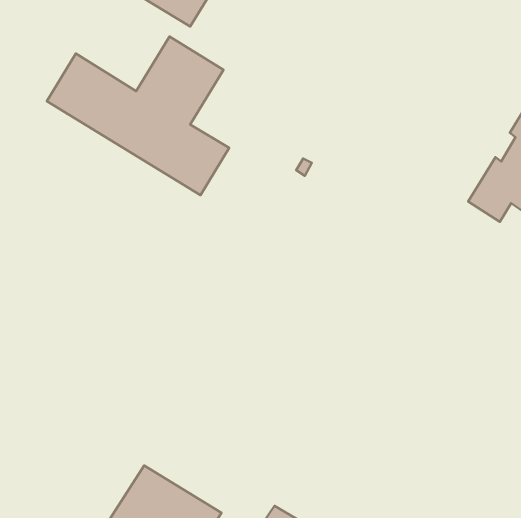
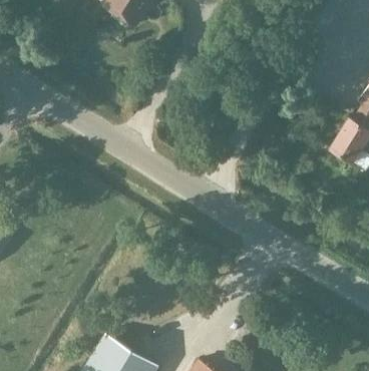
building: [47,37,229,195] -> none

